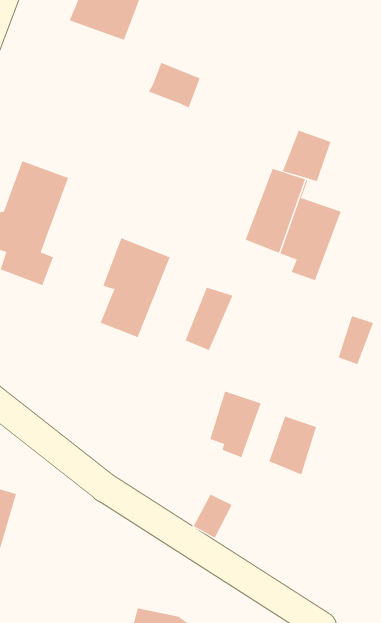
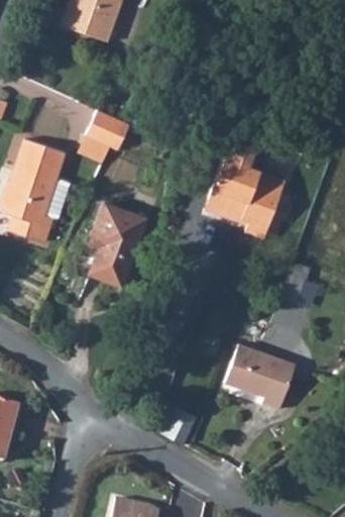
building: [148,62,200,108] -> [87,108,129,145]
building: [282,130,331,182] -> none
building: [185,287,233,351] -> none
building: [209,391,262,458] -> [252,355,295,410]

